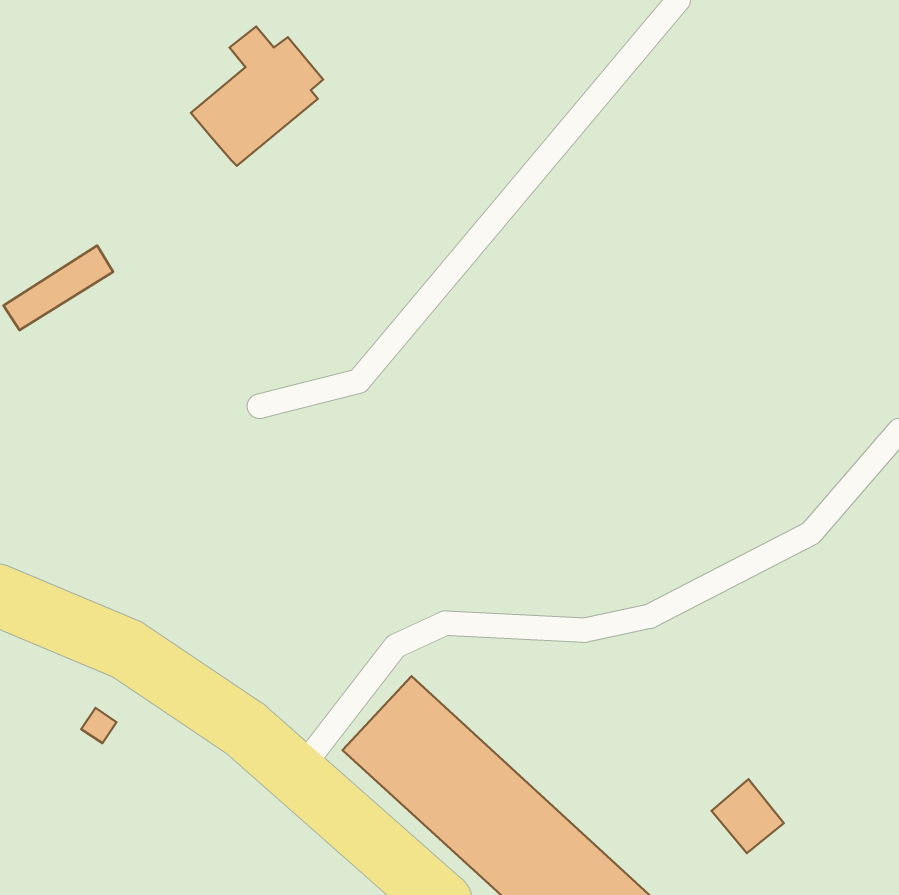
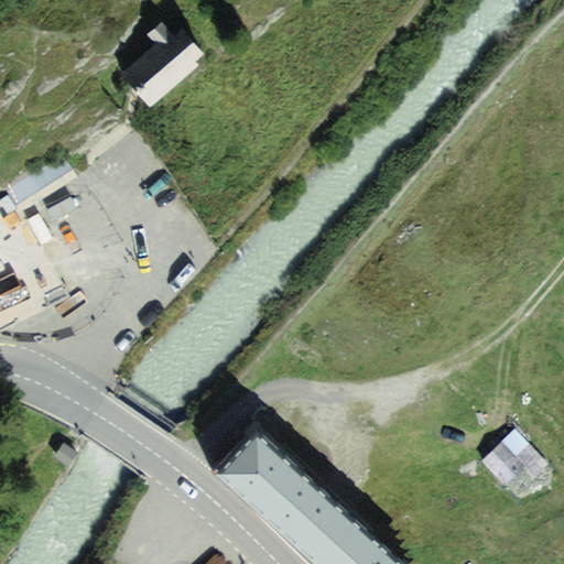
building: [712,779,784,853] -> [491,445,536,491]

